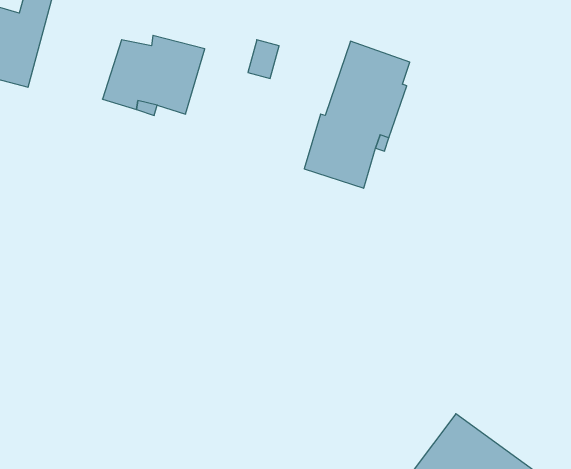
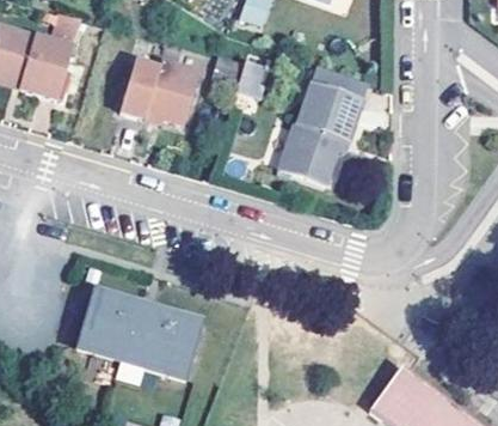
building: none -> [76,294,199,378]

